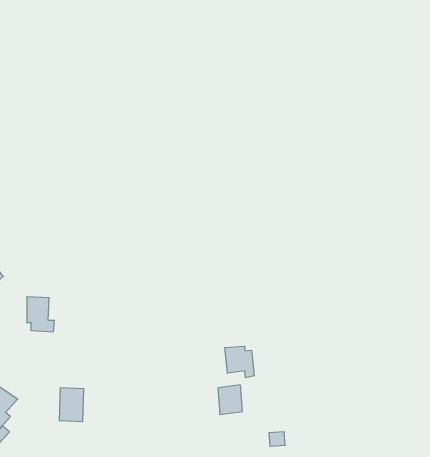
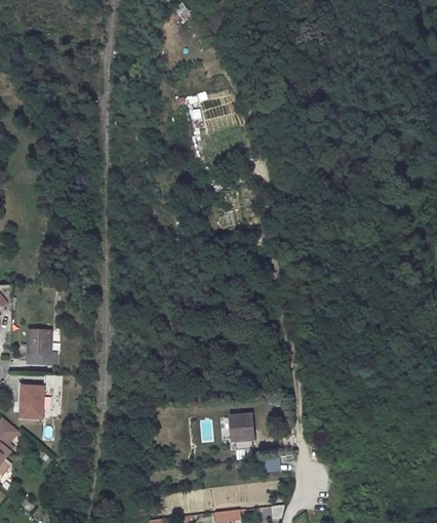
building: [225,346,254,378] -> none
building: [59,388,84,422] -> [19,384,44,417]

